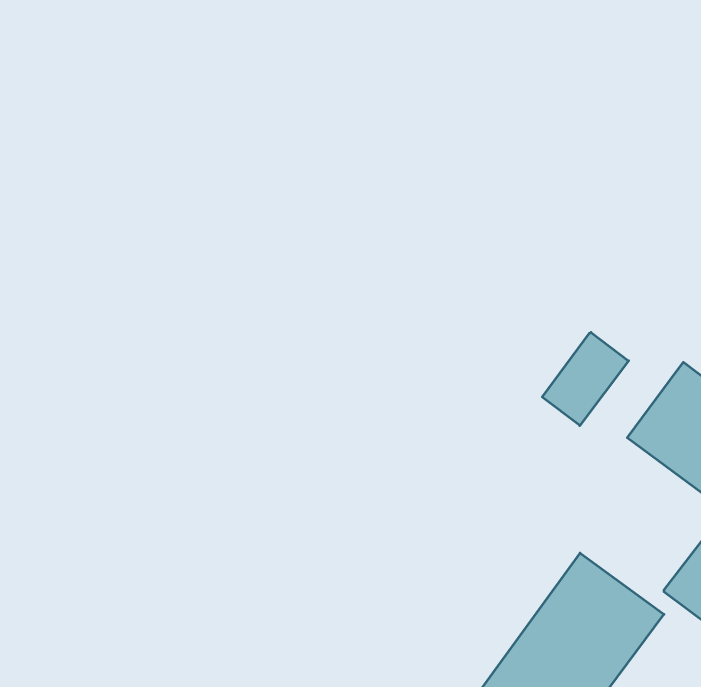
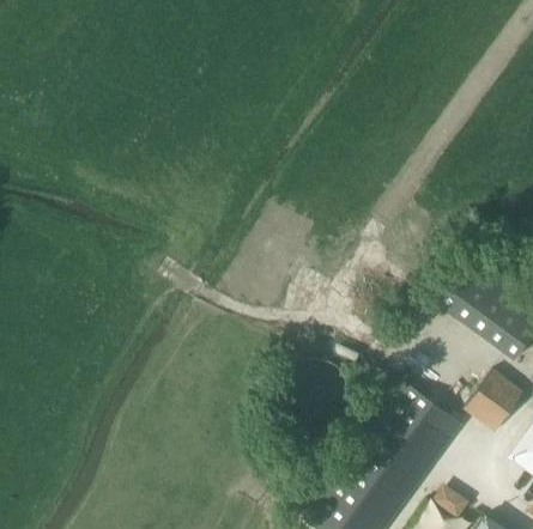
building: [542,332,629,426] -> none

